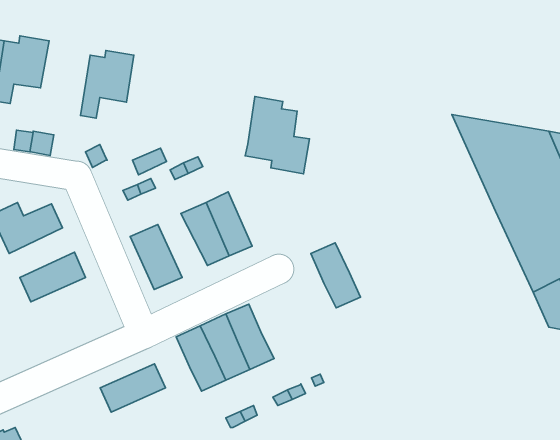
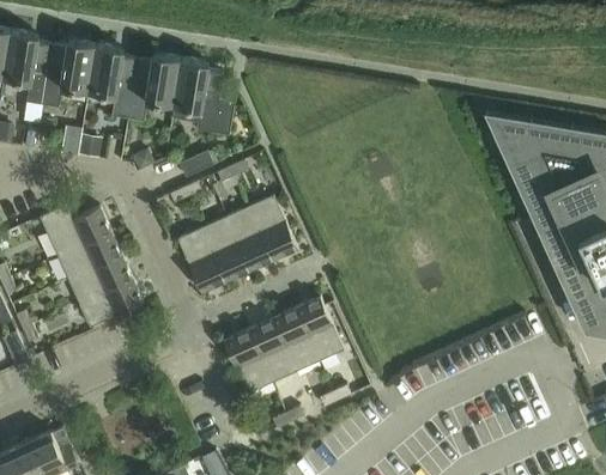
building: none -> [87,45,137,120]
building: [245,97,309,174] -> [170,60,234,136]
building: none -> [204,217,253,280]
building: none -> [56,231,121,280]
building: [311,243,360,308] -> [293,296,343,360]
building: [100,364,165,412] -> [78,280,143,328]

